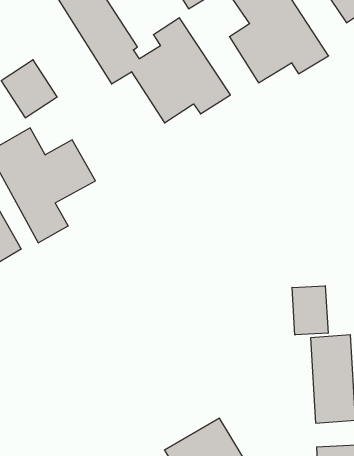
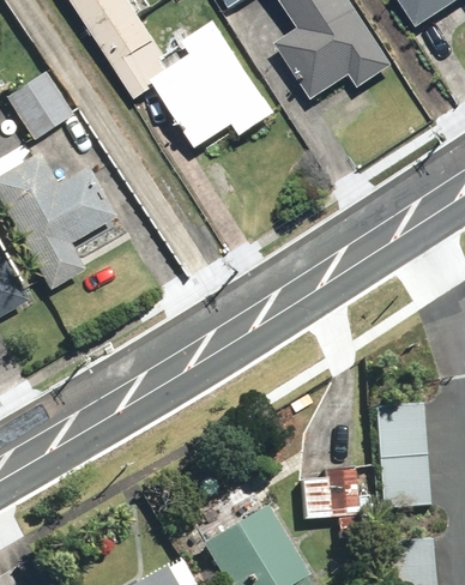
building: [292,286,328,335] -> none
building: none -> [298,465,358,519]

